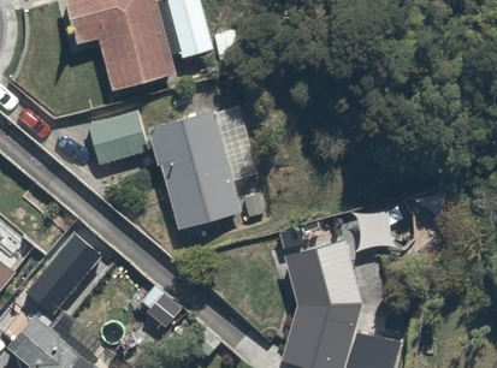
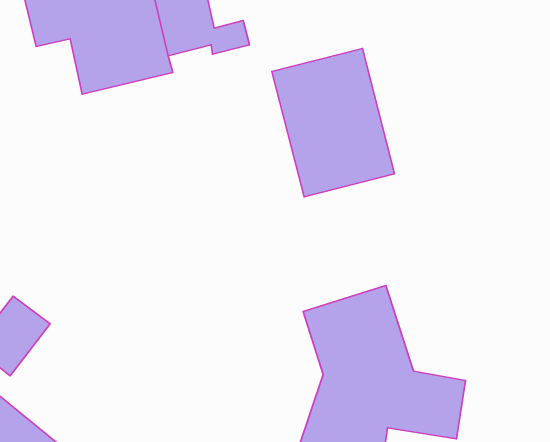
building: [84,106,144,165] -> none
building: [147,111,243,227] -> [272,48,395,197]

